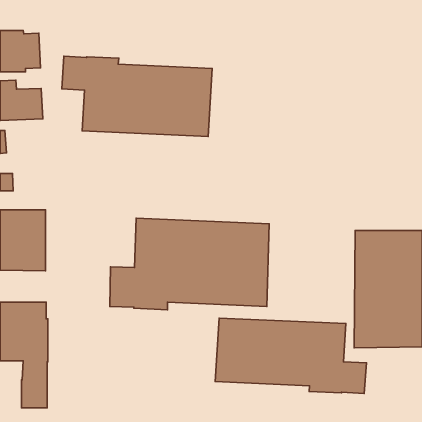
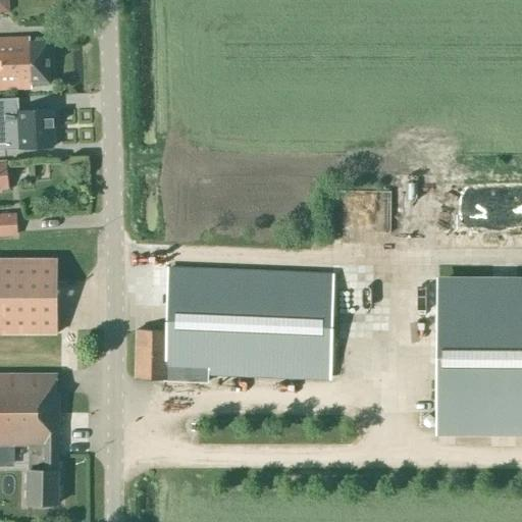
building: [62,56,212,136] -> none
building: [215,318,366,393] -> none

